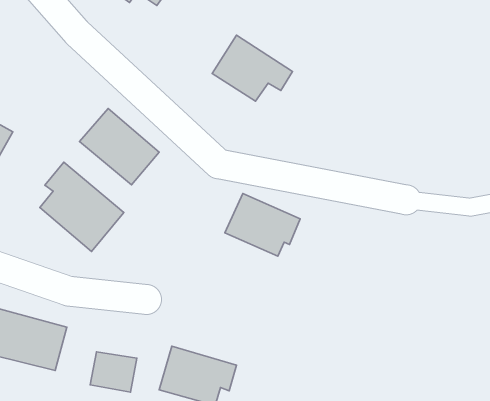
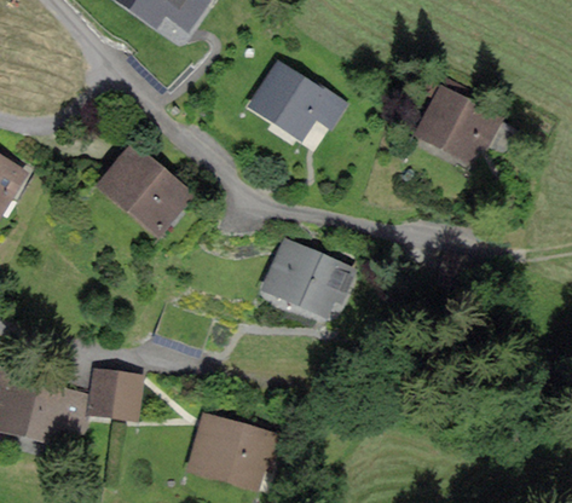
building: none -> [417,83,502,163]
building: [40,162,124,251] -> none
building: [90,352,137,392] -> [88,372,141,418]

